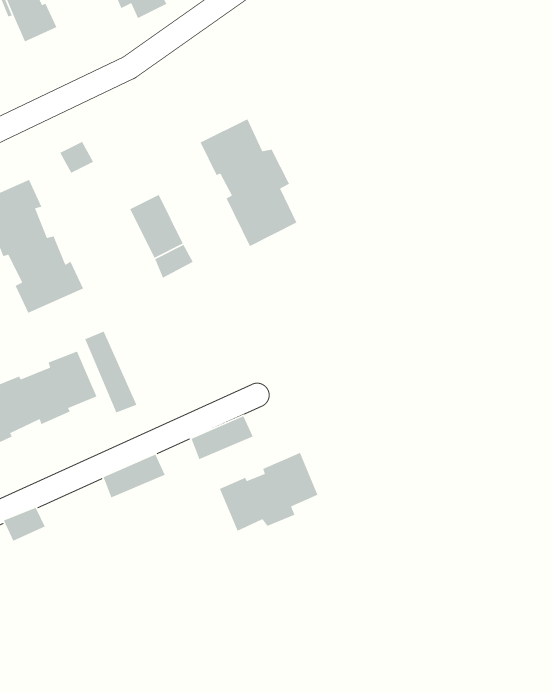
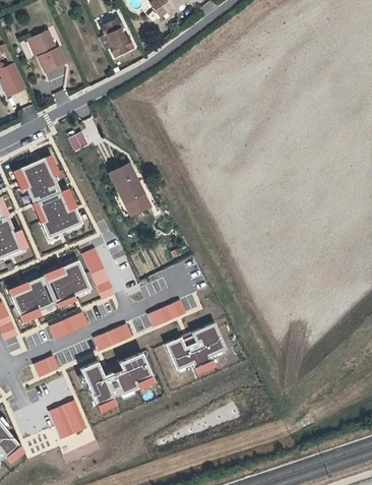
building: [200,118,298,247] -> none
building: none -> [49,312,87,340]
building: none -> [79,353,151,406]
building: none -> [48,400,86,439]

